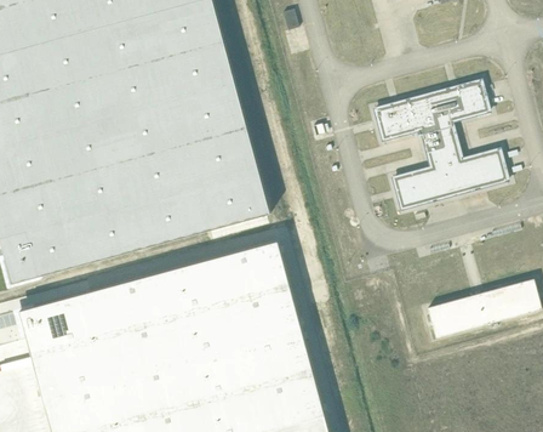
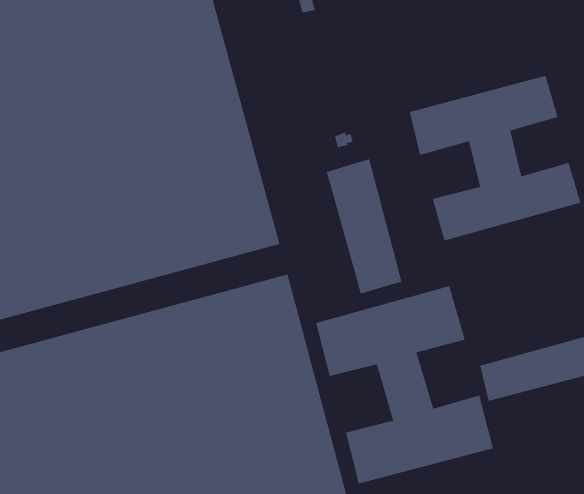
building: none -> [326,158,402,294]
building: none -> [315,285,494,485]

